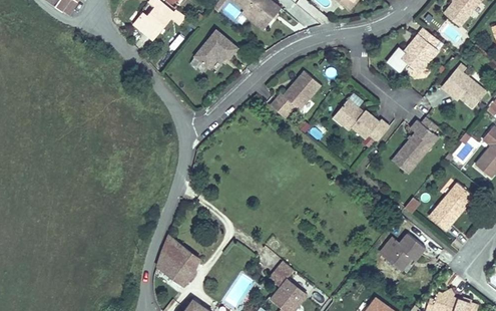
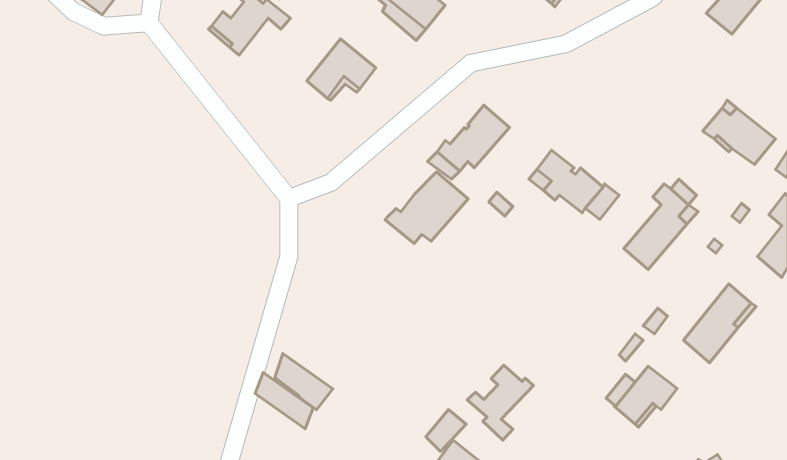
building: [399,27,439,73] -> none
building: none -> [385,172,468,243]
building: none -> [467,365,533,440]
building: [157,250,193,285] -> [275,353,333,410]

